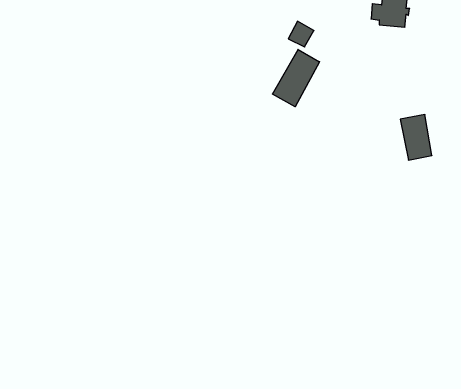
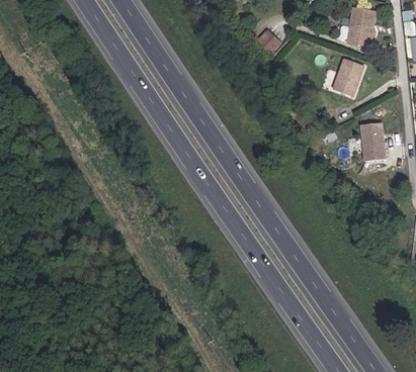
building: none -> [326,57,357,95]
building: [272,49,320,107] -> none

